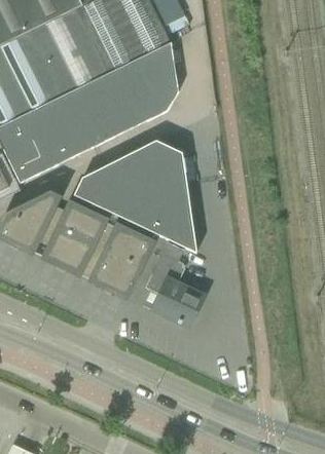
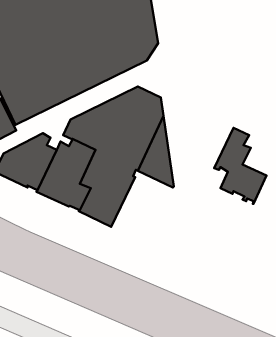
building: [145,241,204,327] -> [214,128,267,204]

